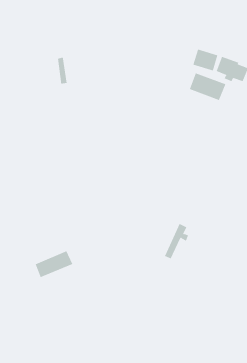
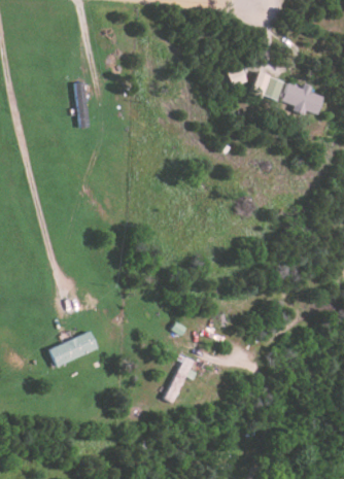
building: [189,73,226,101] -> none
building: [164,223,189,259] -> [162,356,194,403]

